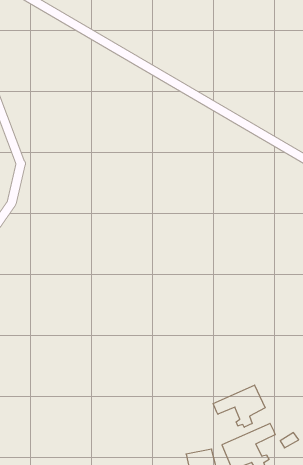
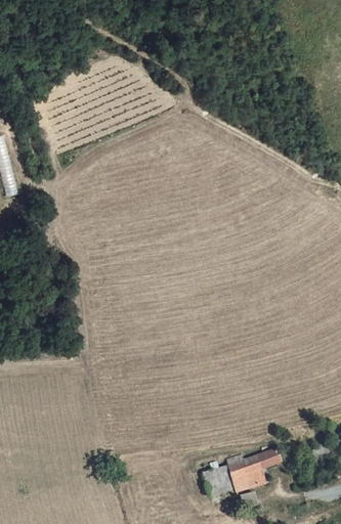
building: [213,385,265,427] -> none

